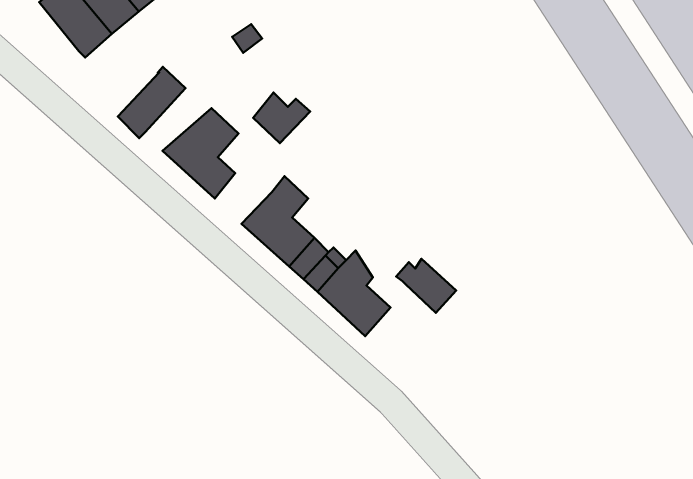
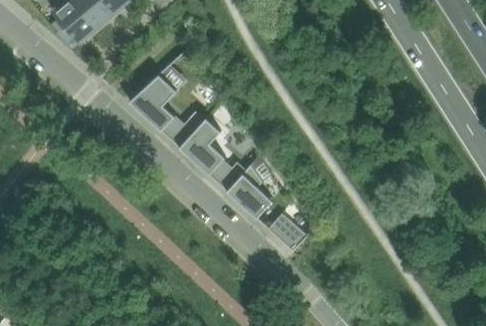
building: [118,67,185,138] -> none
building: [253,93,310,143] -> [161,115,197,147]
building: [396,259,456,313] -> [268,217,306,251]

